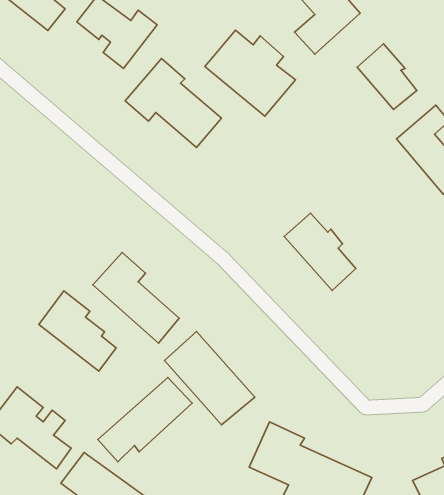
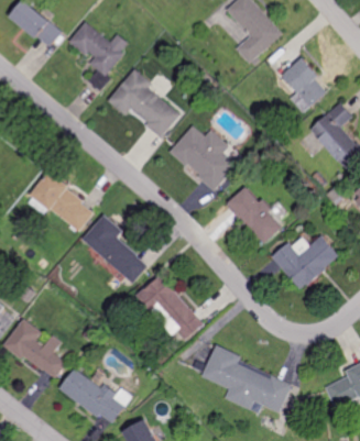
building: [205,30,295,116] -> [168,125,237,190]
building: none -> [271,234,340,290]
building: [39,291,116,371] -> [31,169,89,230]
building: [98,377,192,462] -> none

